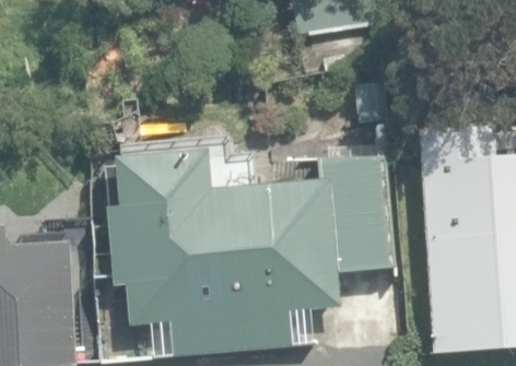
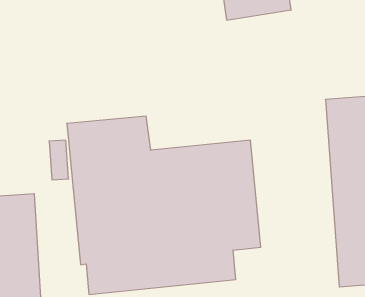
building: [329,151,399,269] -> none

